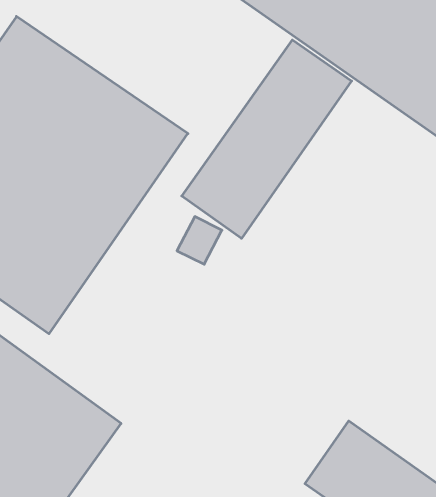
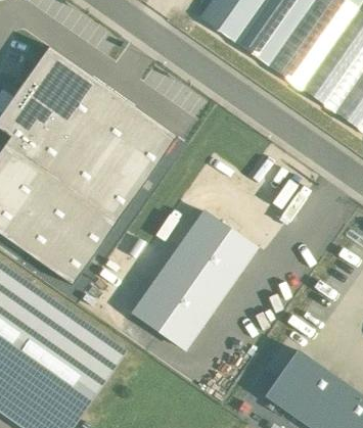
building: [182,40,352,238] -> none
building: none -> [133,212,255,349]

